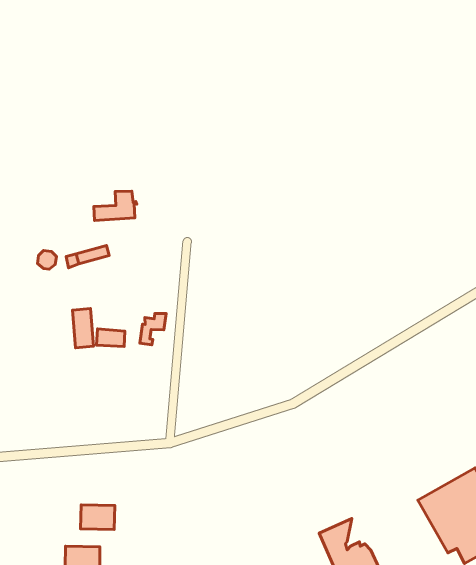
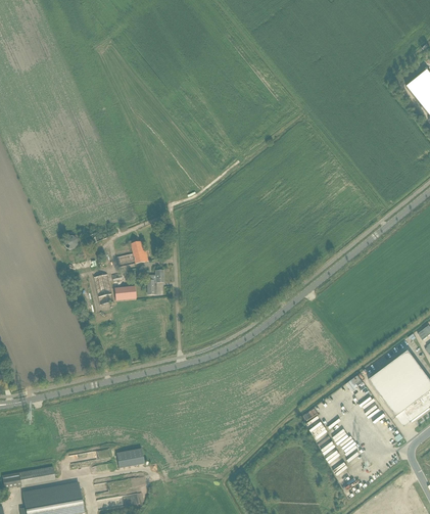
building: [94,191,137,220] -> [116,240,148,266]
building: [80,505,115,529] -> none

